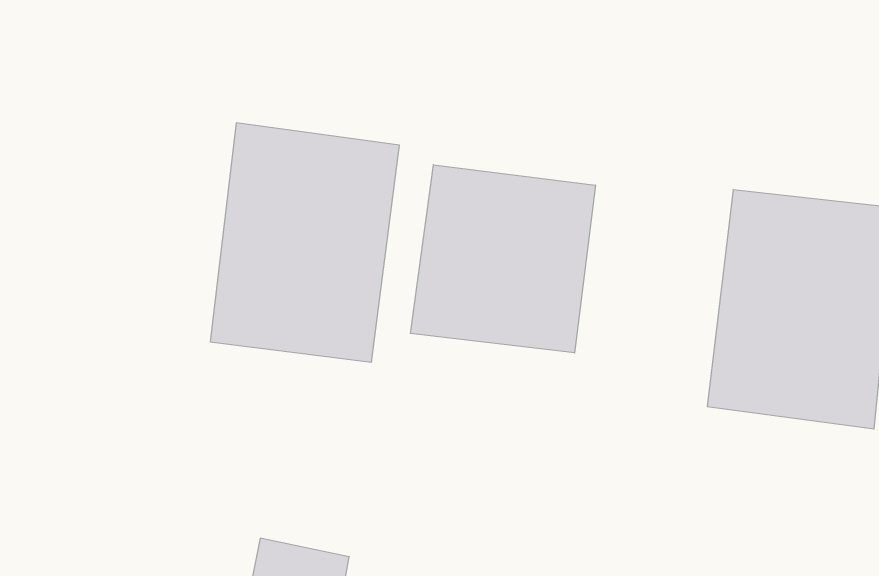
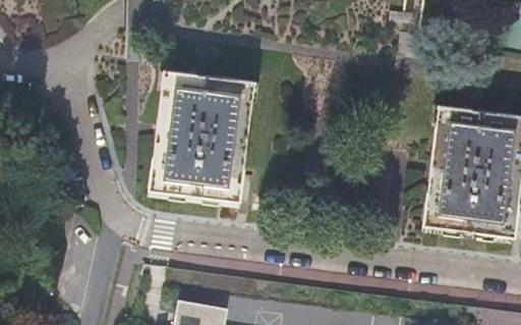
building: [410,165,595,353] -> none

